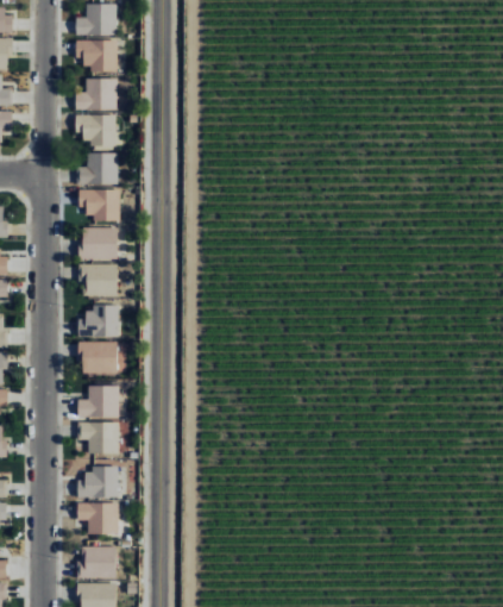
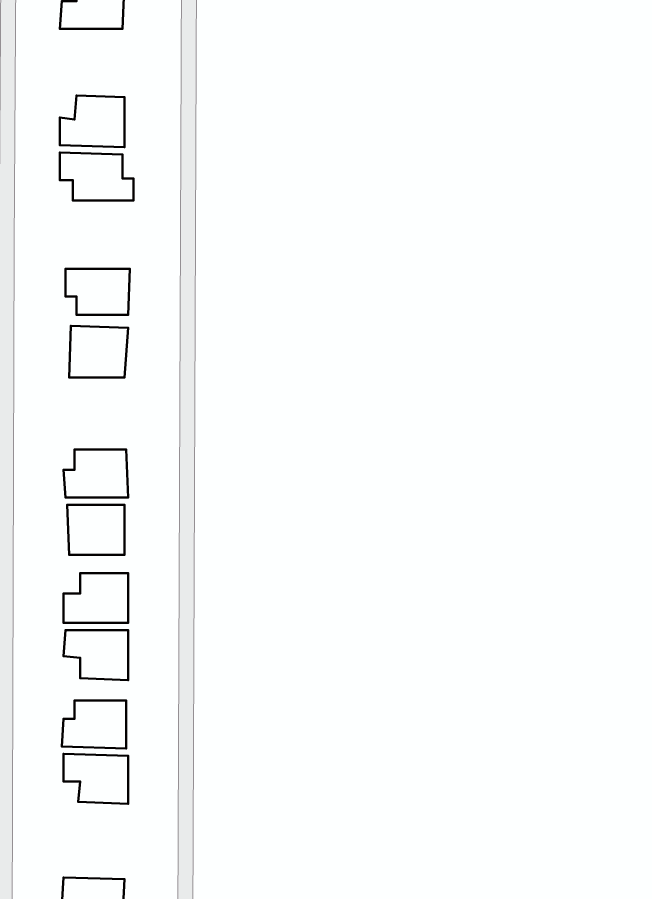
building: [76,40,117,70] -> none
building: [76,152,118,184] -> none
building: [80,263,118,296] -> none
building: [80,546,117,578] -> none

